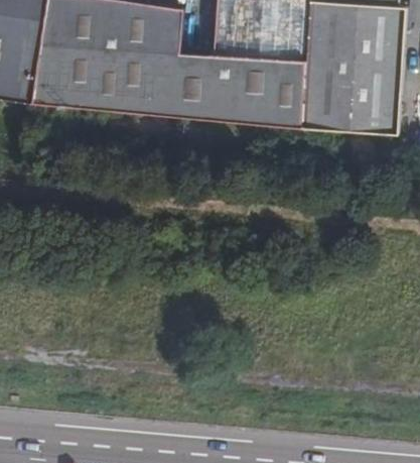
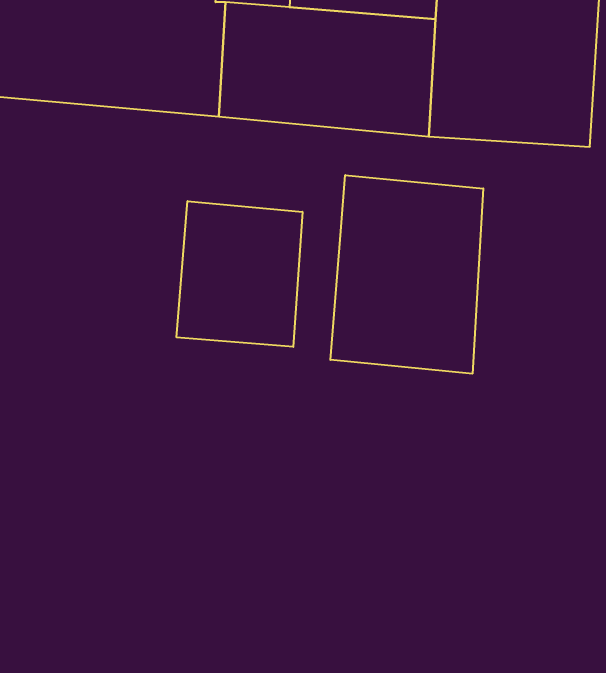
building: none -> [330,175,483,374]
building: none -> [177,201,302,347]

